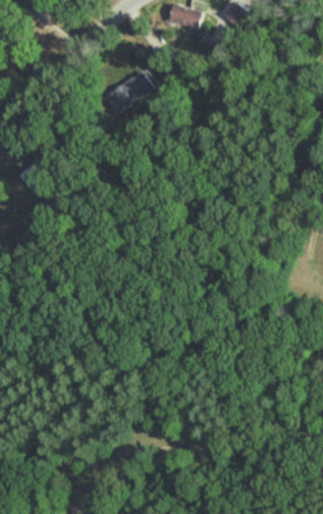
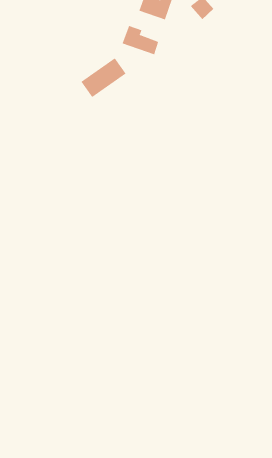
building: none -> [122,25,159,55]

